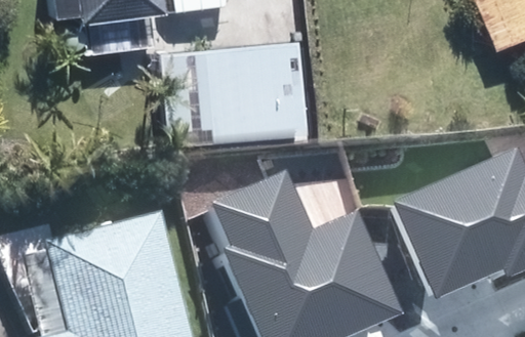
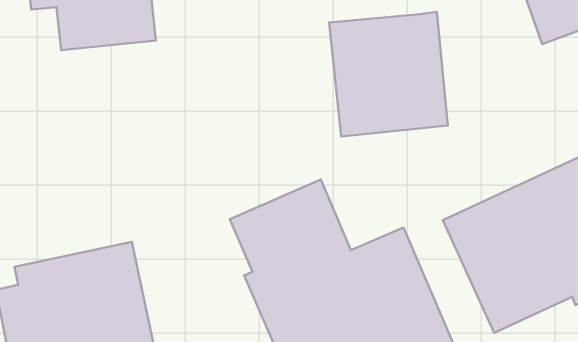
building: [207,40,309,146] -> [329,12,448,136]

